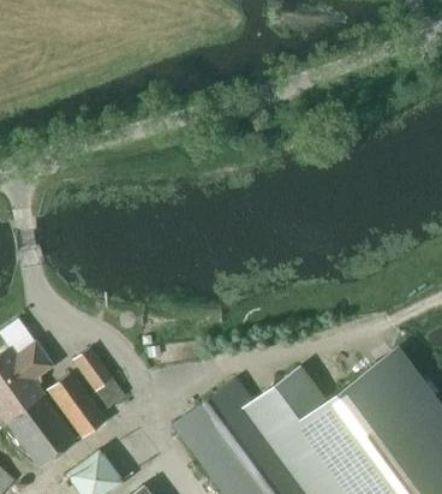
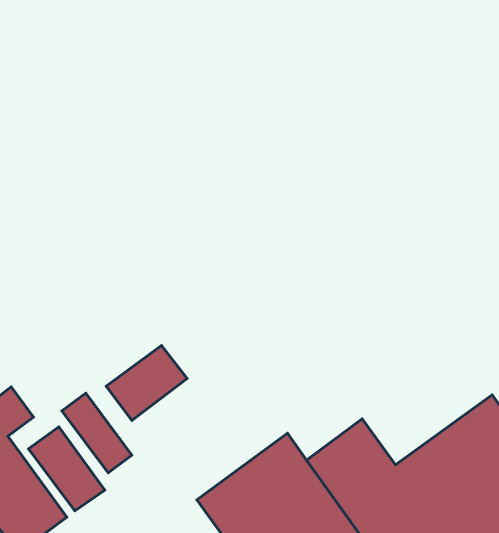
building: none -> [106,346,187,421]

